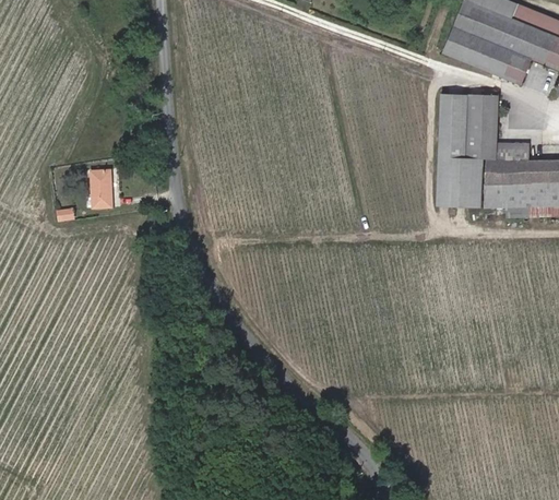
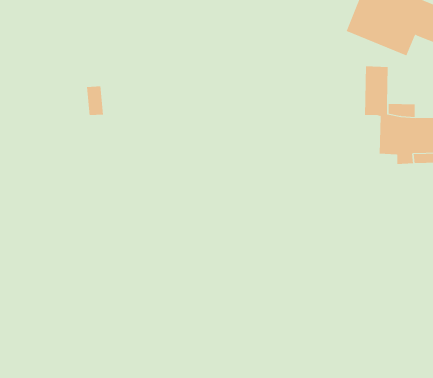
building: [436,94,481,207] -> none
building: [92,171,114,209] -> [86,86,104,116]

